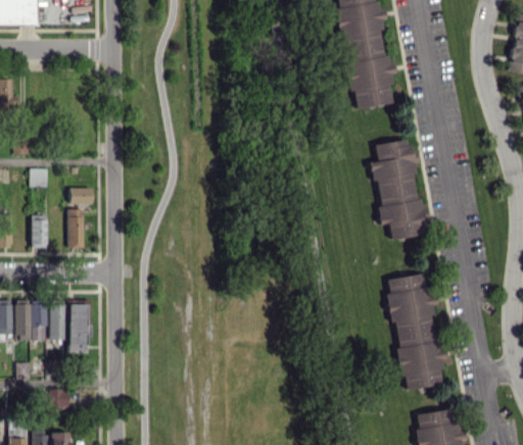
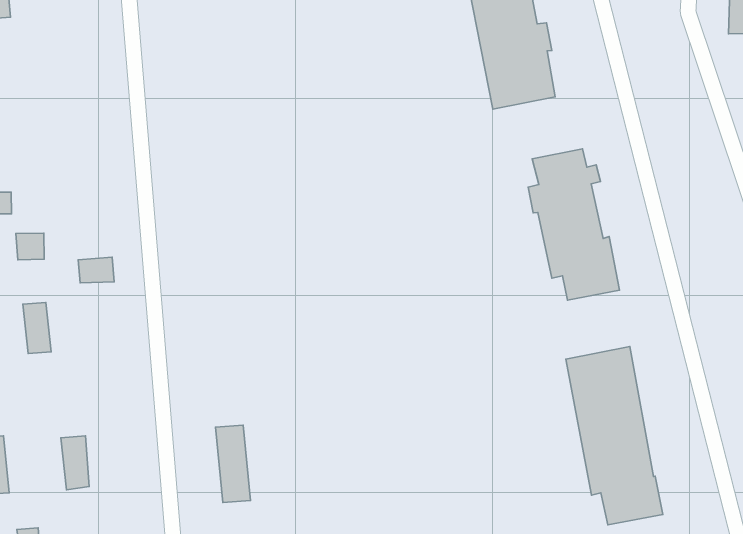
building: [68,209,86,248] -> none
building: [16,300,47,340] -> none
building: [68,302,88,352] -> [216,425,250,503]

